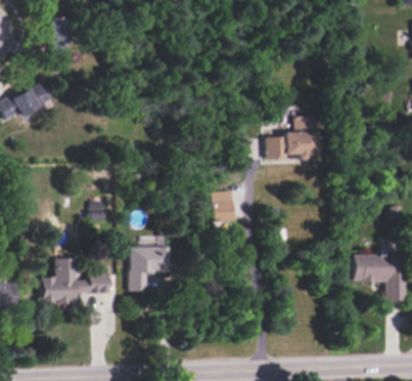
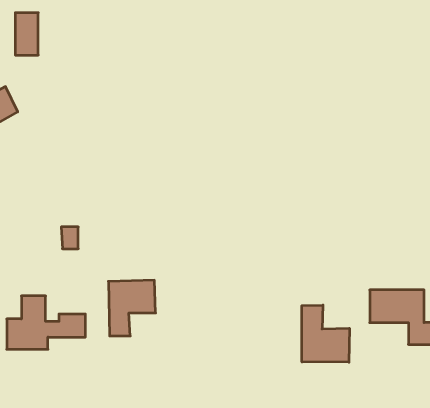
building: [266,116,316,158] -> none
building: [211,190,232,219] -> none
building: none -> [302,305,349,362]

